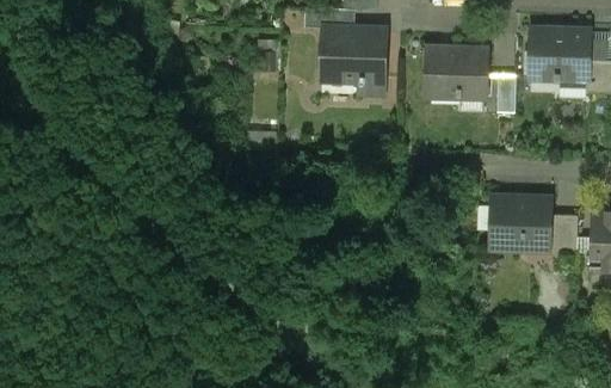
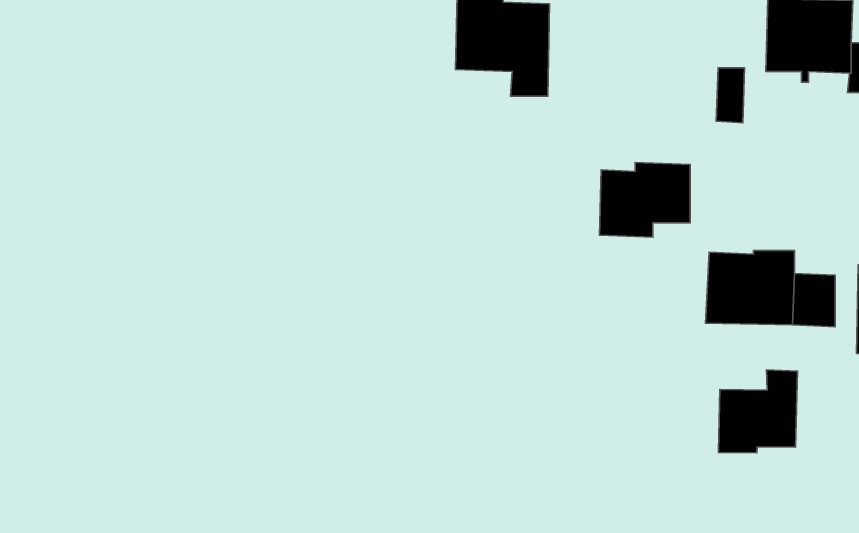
building: [424,45,485,96] -> [600,163,690,237]
building: none -> [718,370,797,453]

